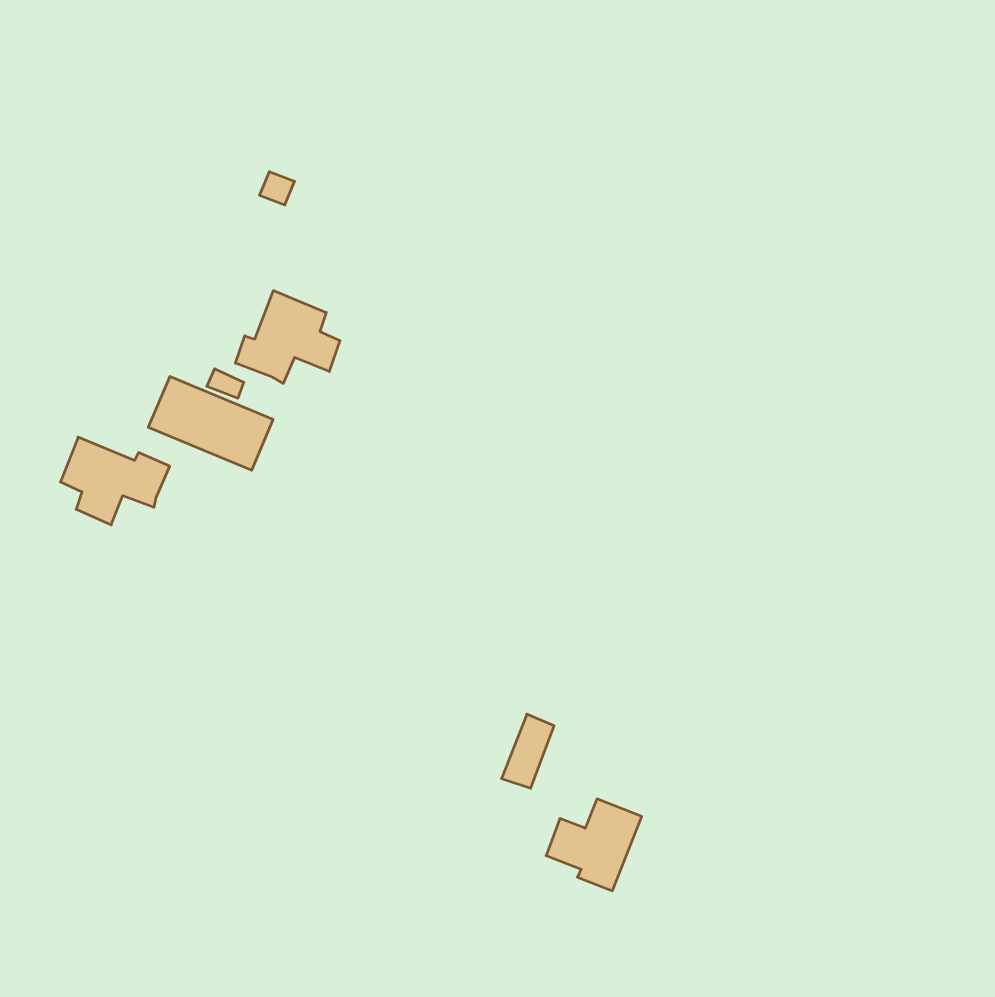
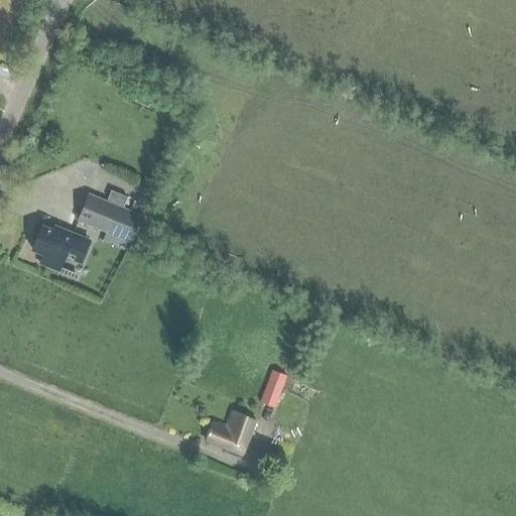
building: [235,291,340,383] -> none
building: [546,799,642,891] -> [206,411,255,459]

